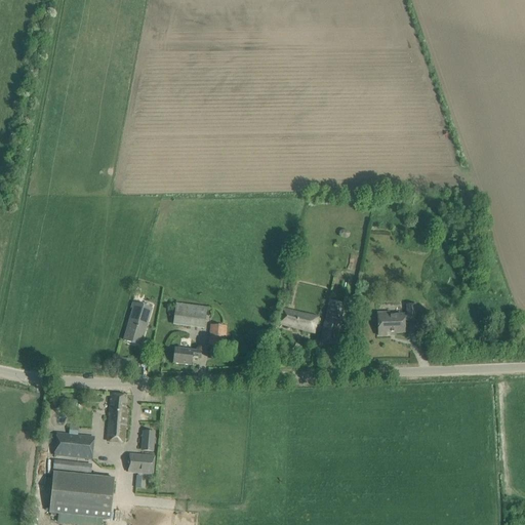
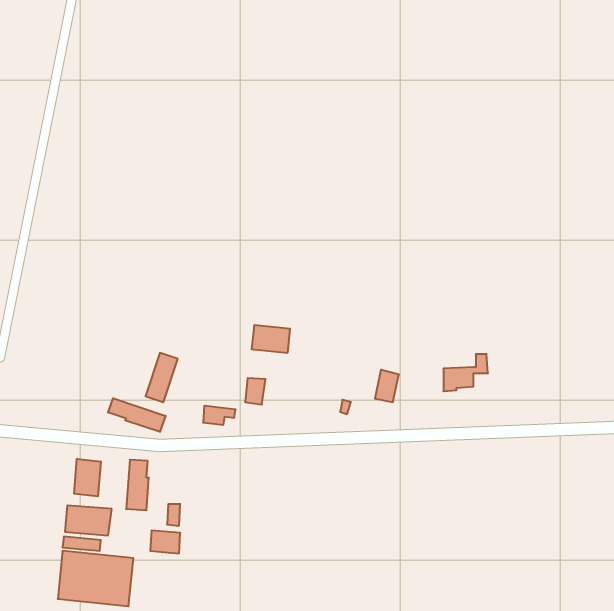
building: [173,302,206,326] -> [252,325,290,353]
building: [280,308,318,331] -> none
building: none -> [108,398,166,432]
building: none -> [74,459,101,496]

